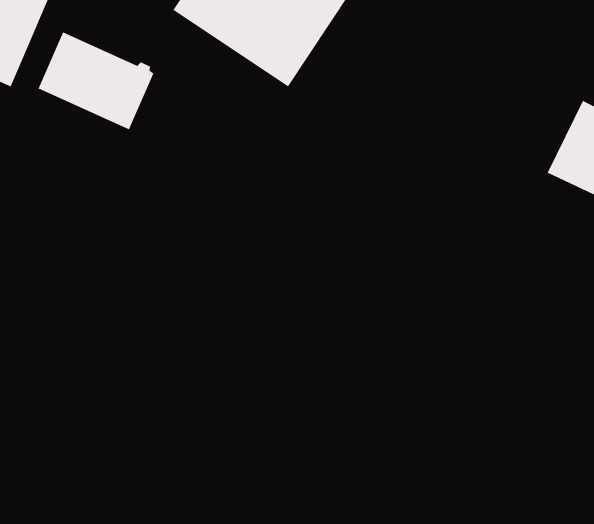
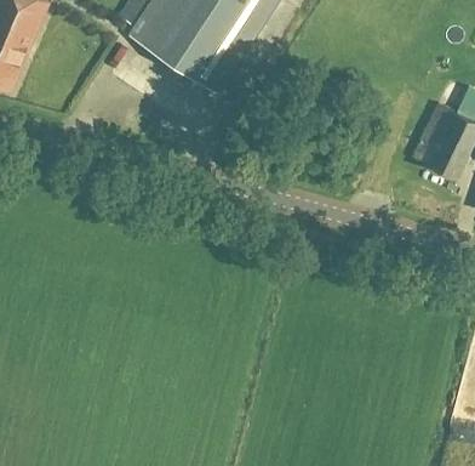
building: [38,32,154,130] -> none

